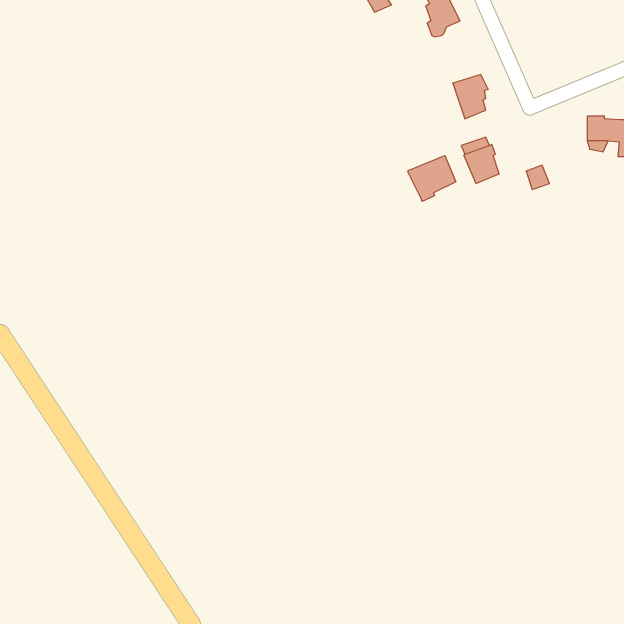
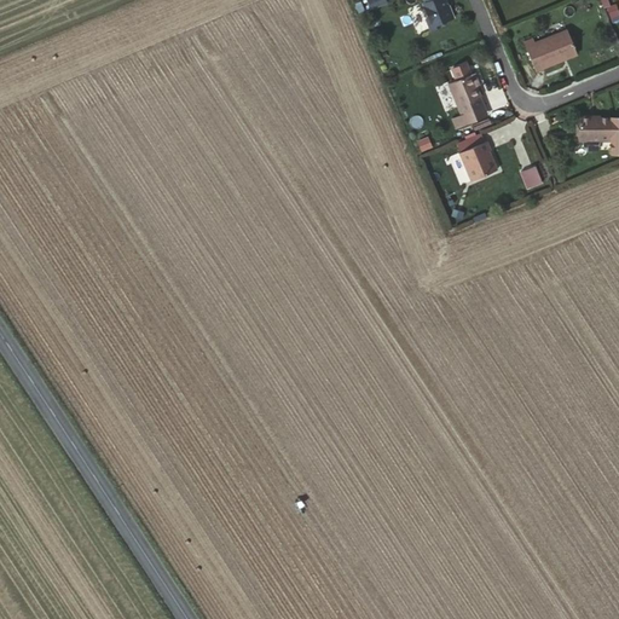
building: none -> [525,29,578,70]
building: [408,156,456,201] -> none

